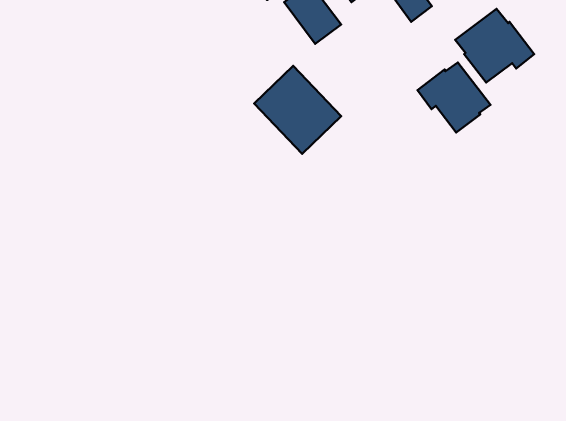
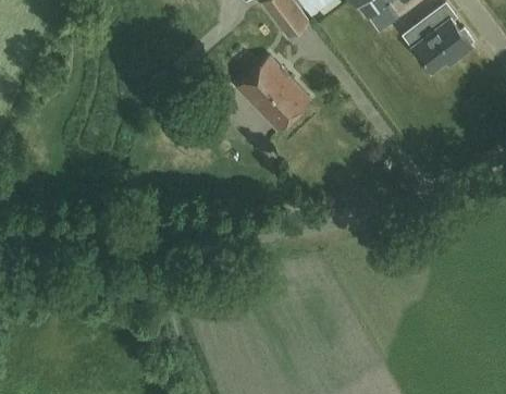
building: [418,63,491,132] -> none

